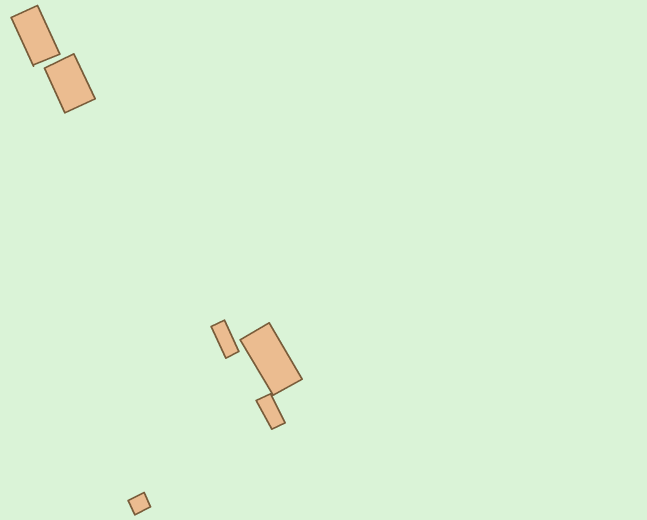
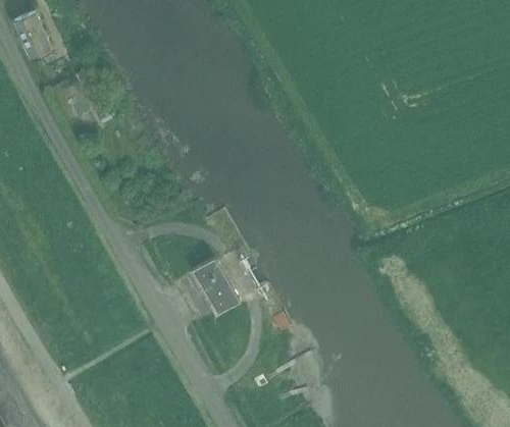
building: [45,54,95,113] -> none

